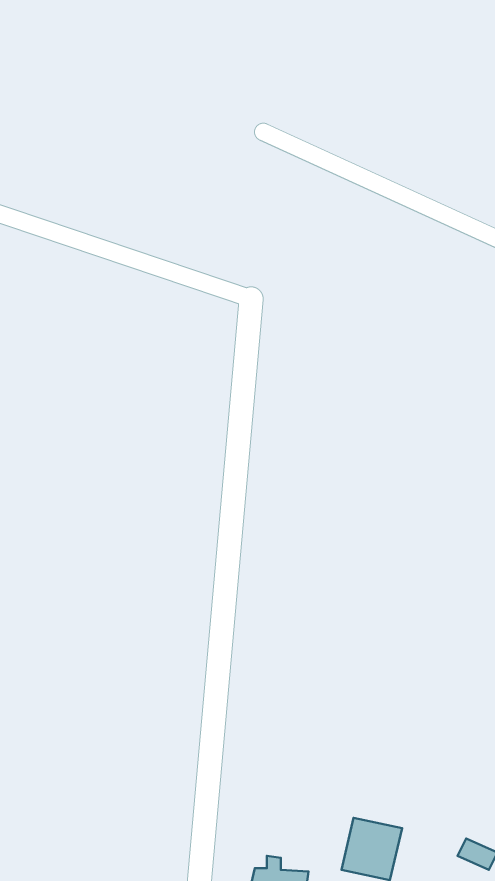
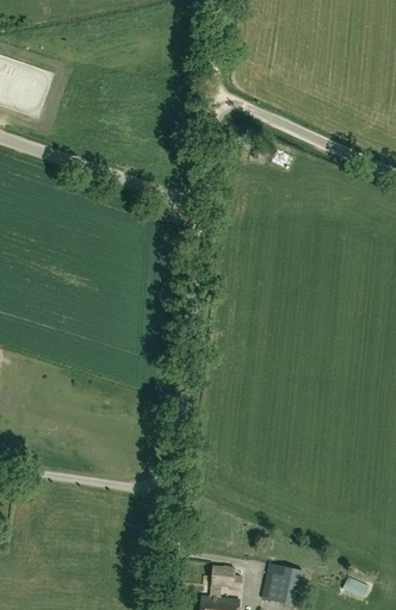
building: none -> [210,567,241,590]

